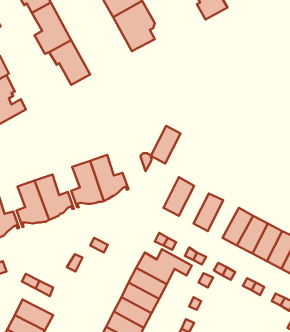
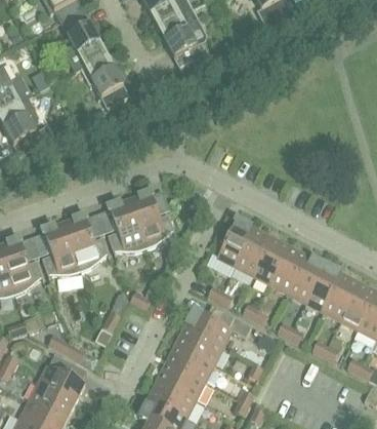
building: [151,126,181,163] -> [236,229,271,274]
building: none -> [270,246,307,291]

